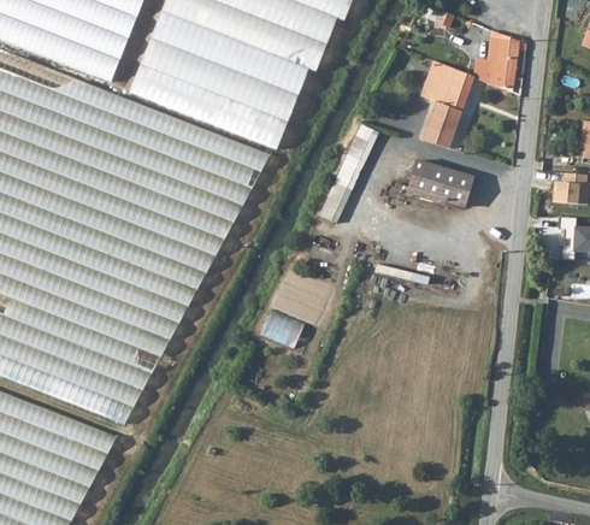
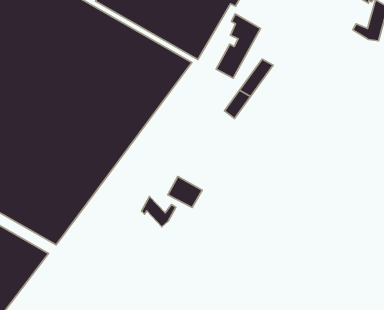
building: [423,64,473,149] -> [216,14,260,78]
building: [403,161,471,208] -> none
building: none -> [141,196,176,227]

